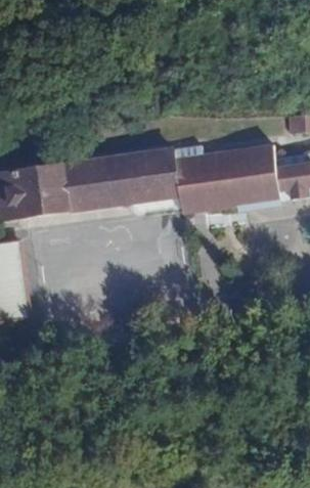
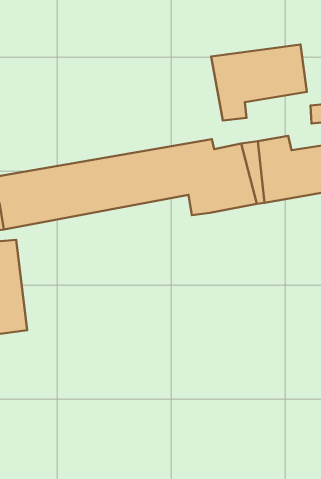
building: none -> [211,44,307,121]

